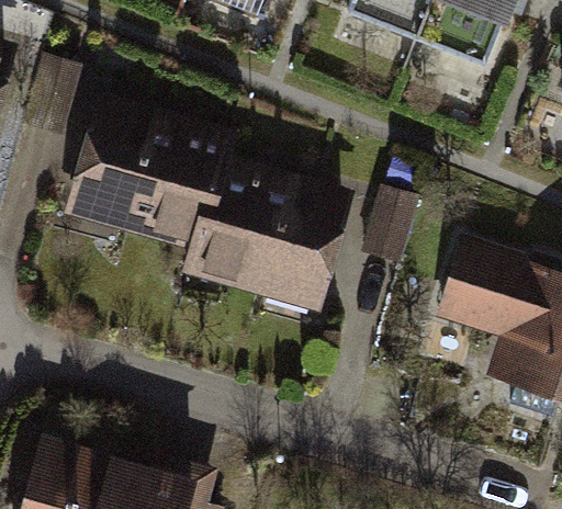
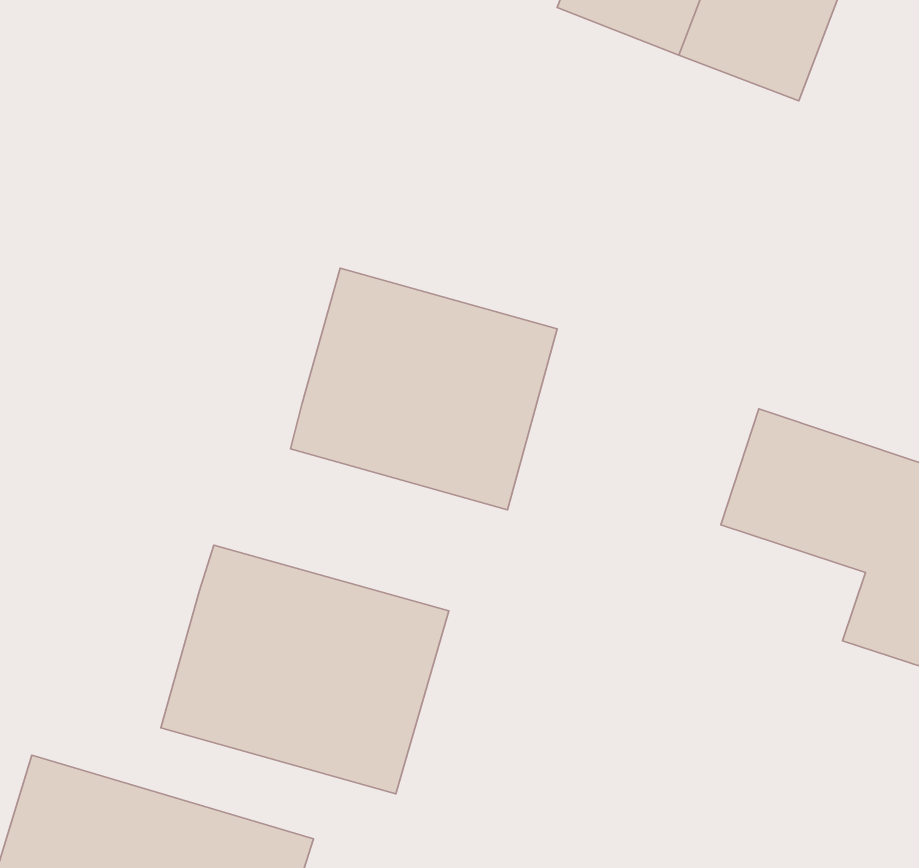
building: [76,104,226,239] -> none
building: none -> [161,545,449,794]

